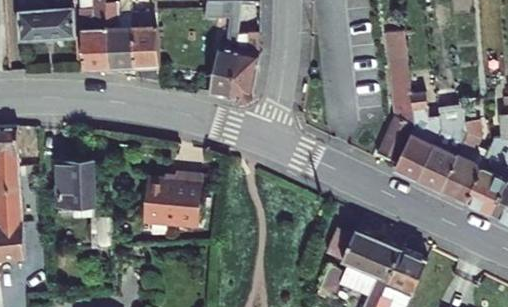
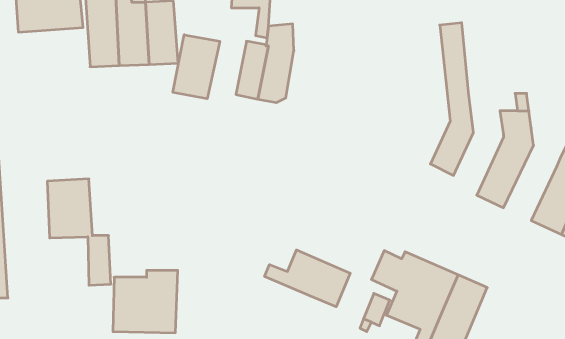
building: none -> [173,35,220,99]
building: [395,92,441,181] -> none
building: [441,121,487,203] -> none
building: [135,177,191,231] -> [113,270,178,333]
building: none -> [265,250,350,307]

